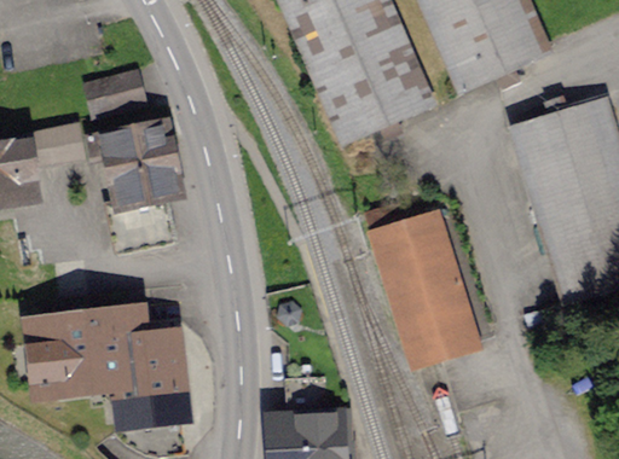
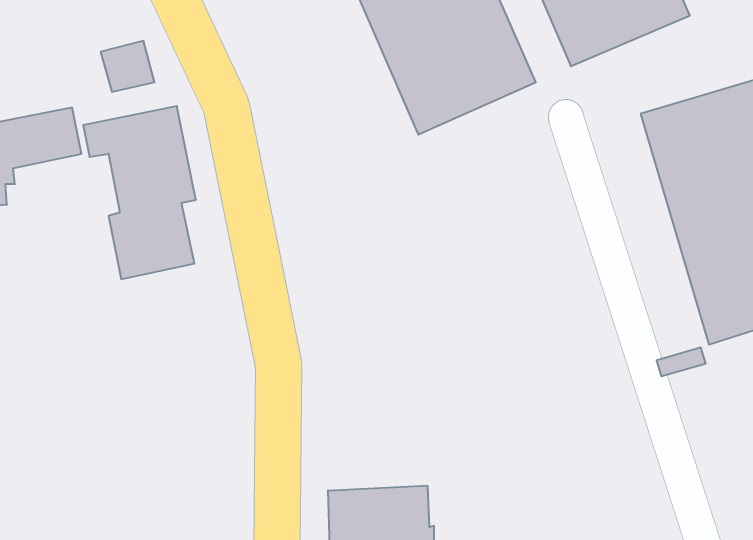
building: [371,203,474,359] -> none
building: [35,315,183,417] -> none

